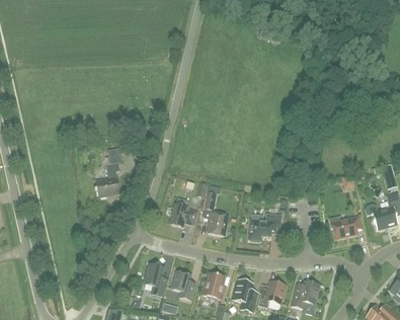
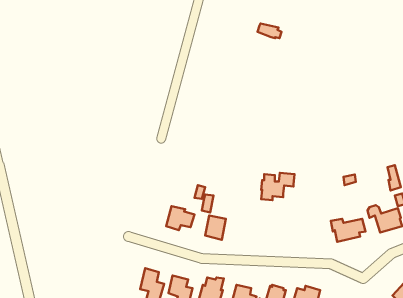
building: [96,161,121,195] -> none
building: [249,212,282,238] -> [261,173,295,200]

